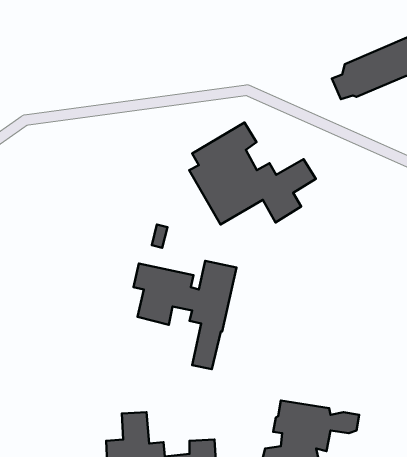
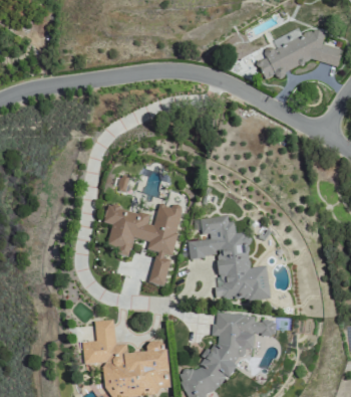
building: [189,122,316,224] -> none
building: none -> [188,215,270,302]

